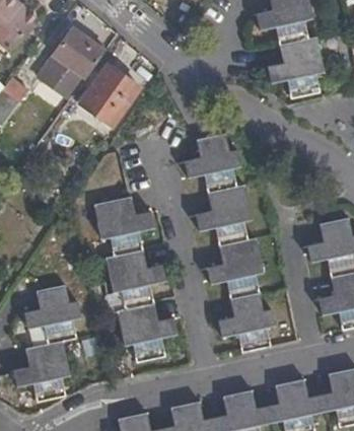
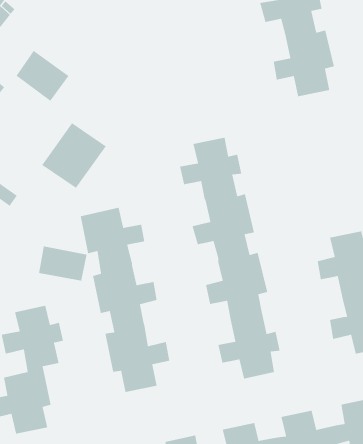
building: [53,27,104,78] -> none
building: [79,65,138,125] -> [41,122,107,189]
building: none -> [38,246,88,281]

